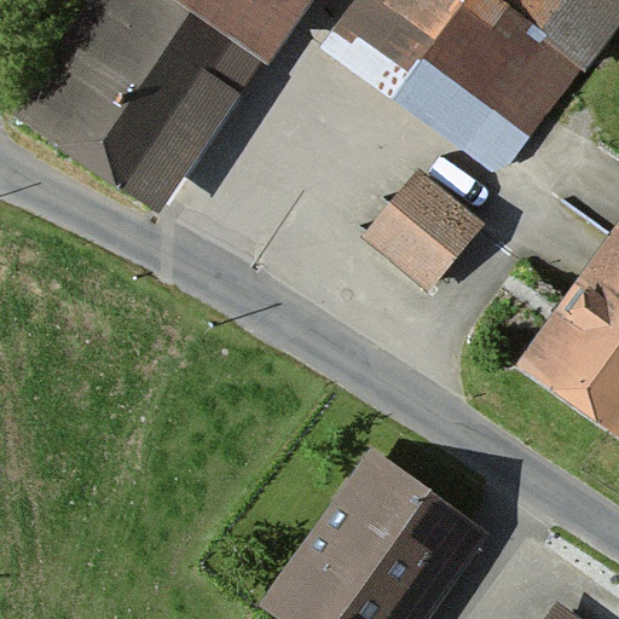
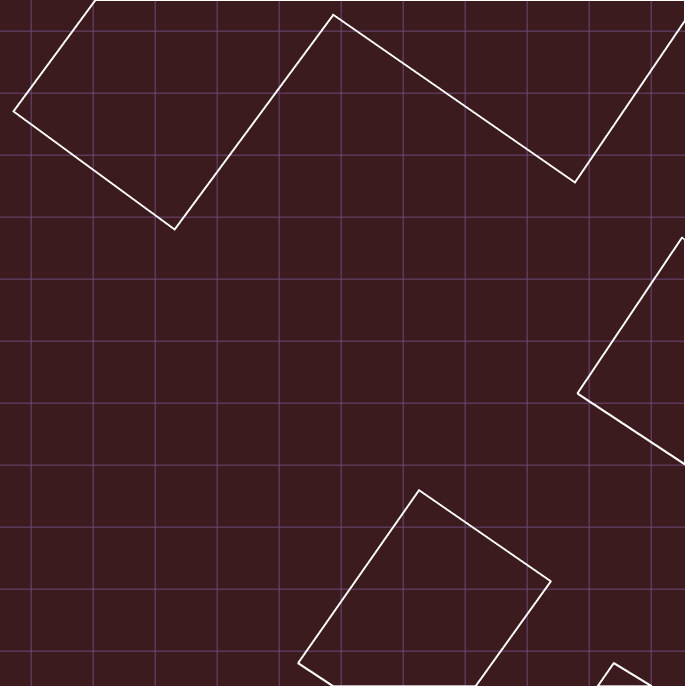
building: [370,170,481,280] -> none

